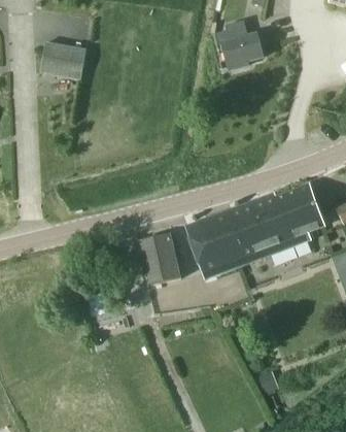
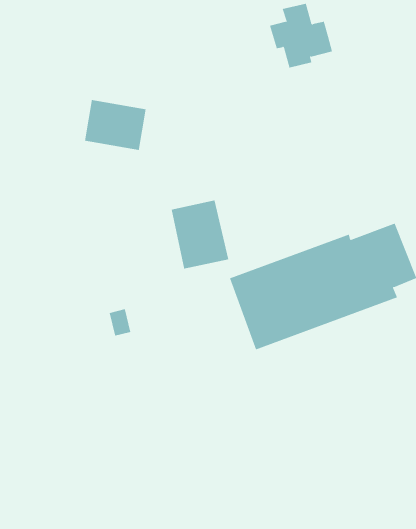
building: [40,41,86,79] -> [84,99,146,151]
building: [138,233,181,285] -> [171,200,229,269]

